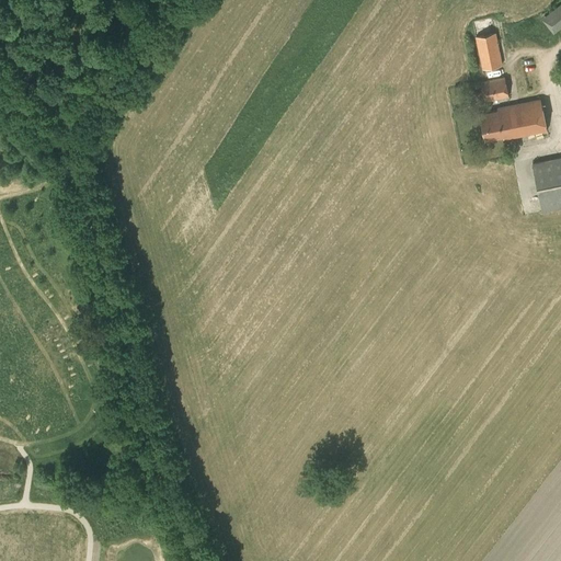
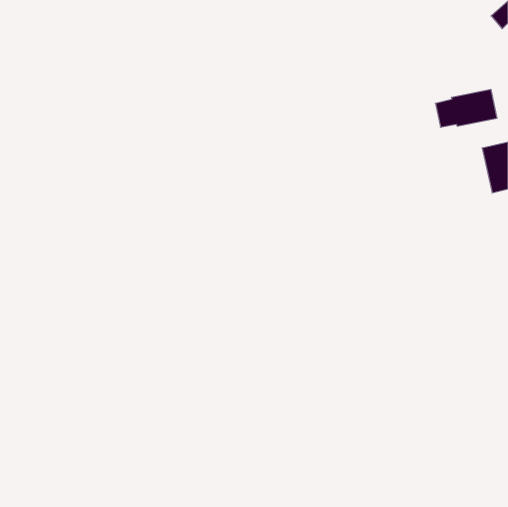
building: [476,34,503,70] -> none
building: [481,78,510,103] -> none

